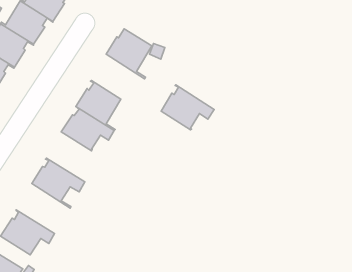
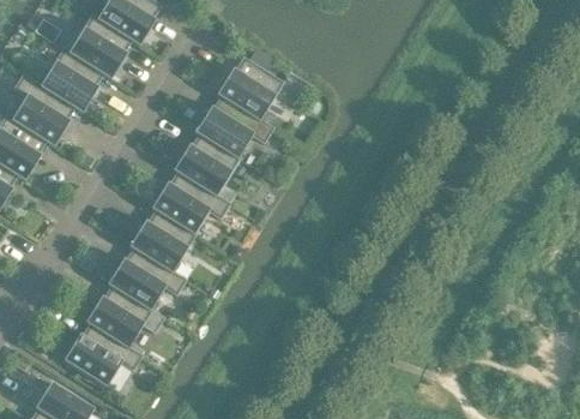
building: [161,85,214,130] -> [195,92,273,158]
building: none -> [129,206,195,280]
building: none -> [85,282,164,355]

